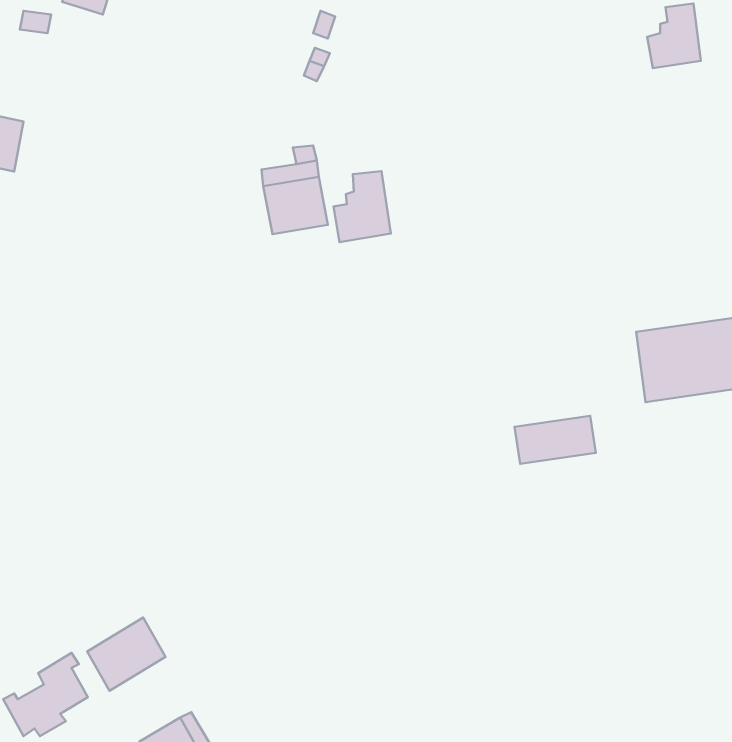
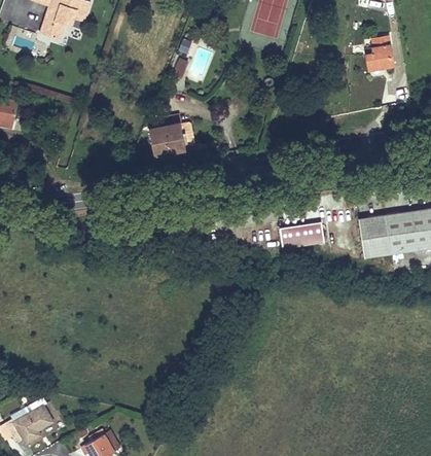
building: [333,171,391,242] -> none
building: [514,416,596,464] -> [279,222,324,249]
building: [87,617,165,691] -> none

